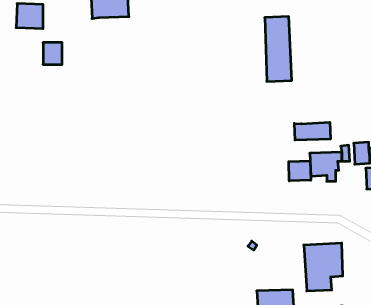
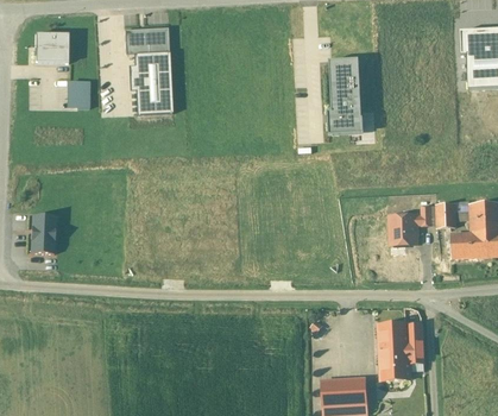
building: none -> [133,52,172,114]
building: [294,122,330,140] -> none
building: none -> [30,218,55,257]
building: [289,161,311,181] -> none

